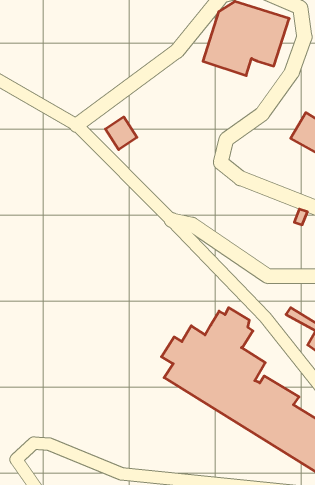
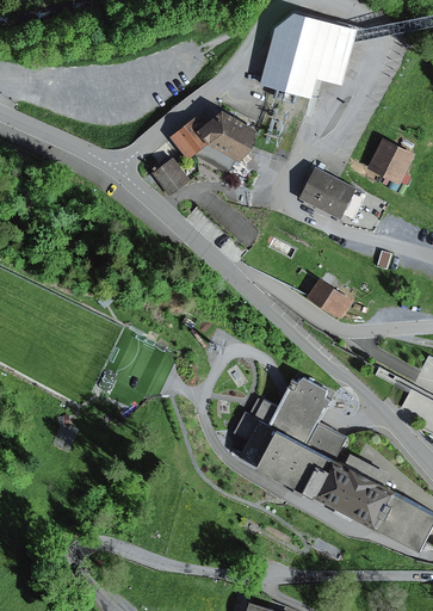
building: none -> [169,112,254,174]
building: none -> [297,168,355,221]
building: none -> [307,280,352,320]

